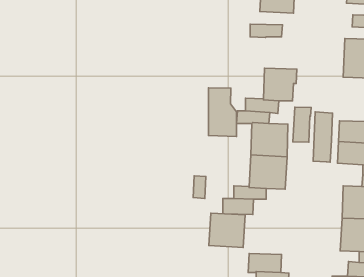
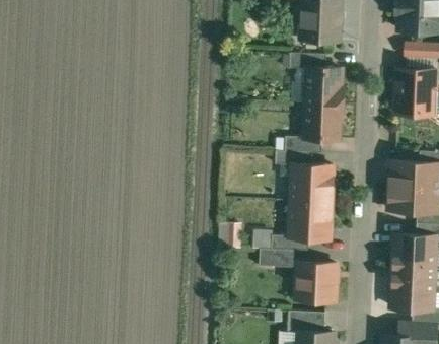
building: none -> [306,67,344,104]
building: [208,88,236,136] -> none
building: [293,107,311,142] -> none
building: [313,112,332,162] -> none
building: [209,213,245,247] -> [296,262,337,300]

